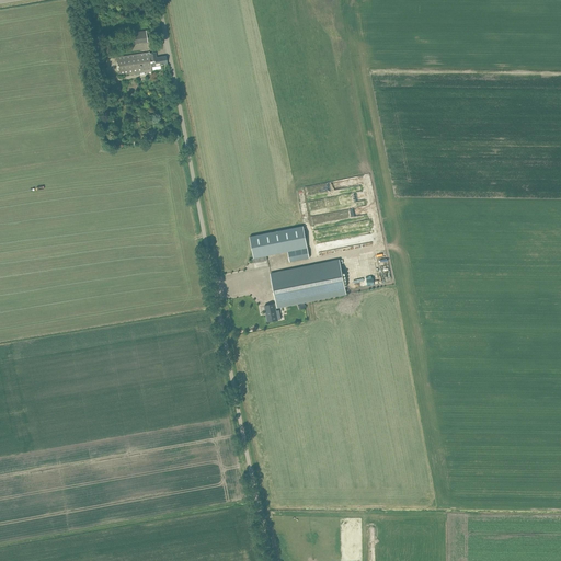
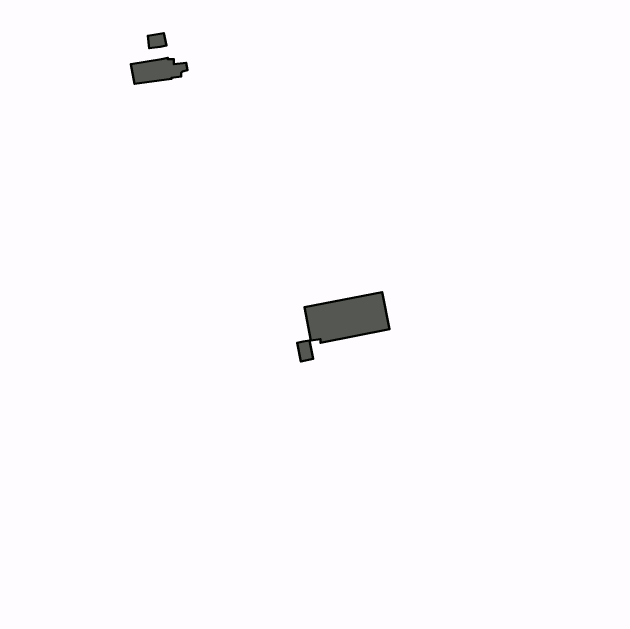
building: [250,225,309,261] -> none

